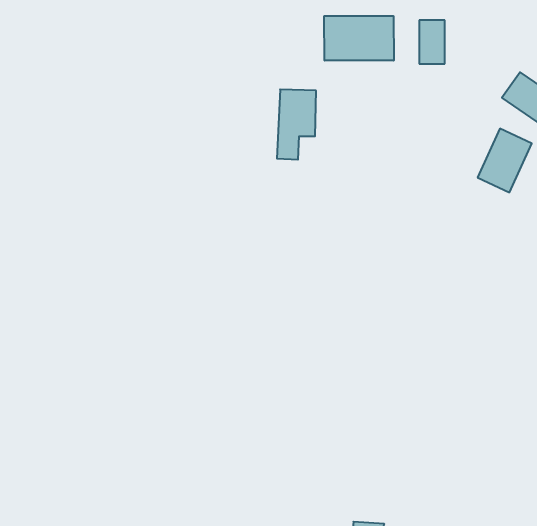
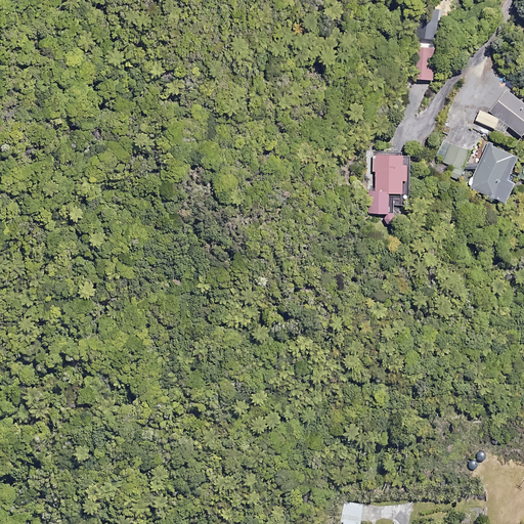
building: [324,16,394,61] -> none
building: [277,89,316,160] -> [373,148,410,216]

